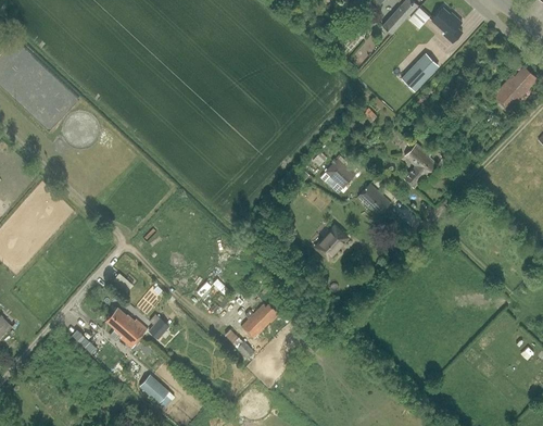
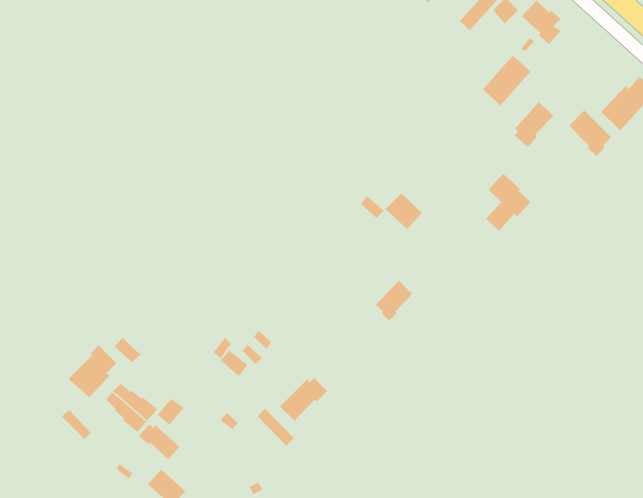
building: none -> [514,101,554,148]
building: none -> [569,109,612,157]
building: [357,185,389,213] -> none
building: none -> [68,344,117,398]
building: none -> [138,423,181,460]

